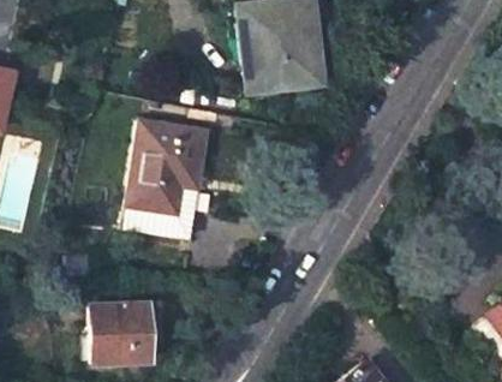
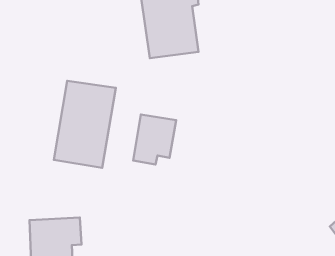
building: none -> [133,115,176,165]

